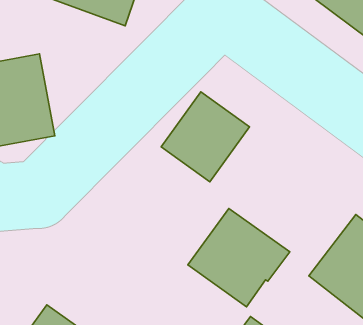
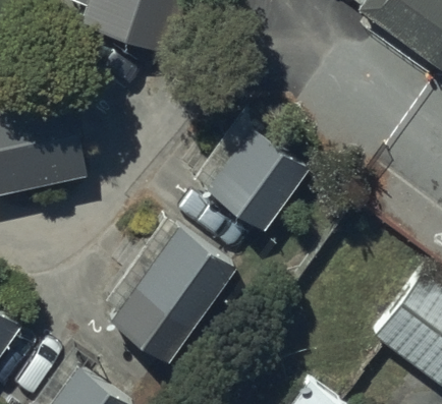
building: none -> [111,230,233,362]
building: [188,208,290,307] -> none

